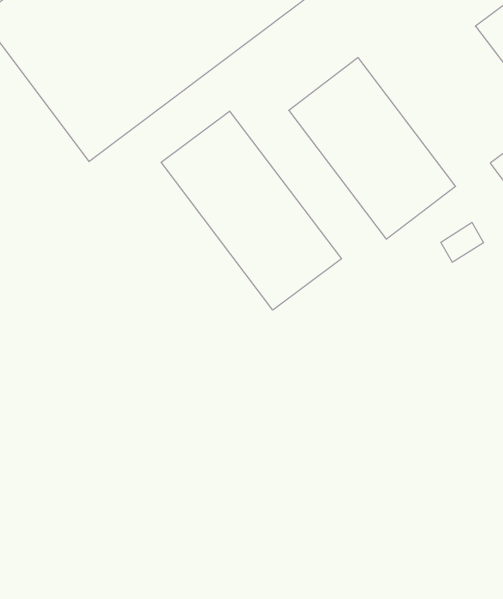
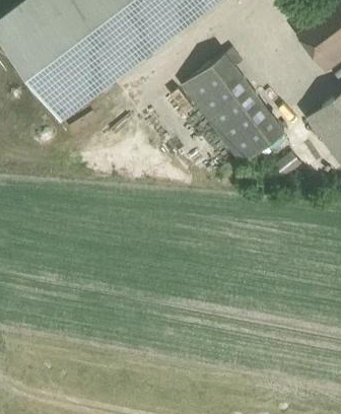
building: [161,111,341,310] -> none

